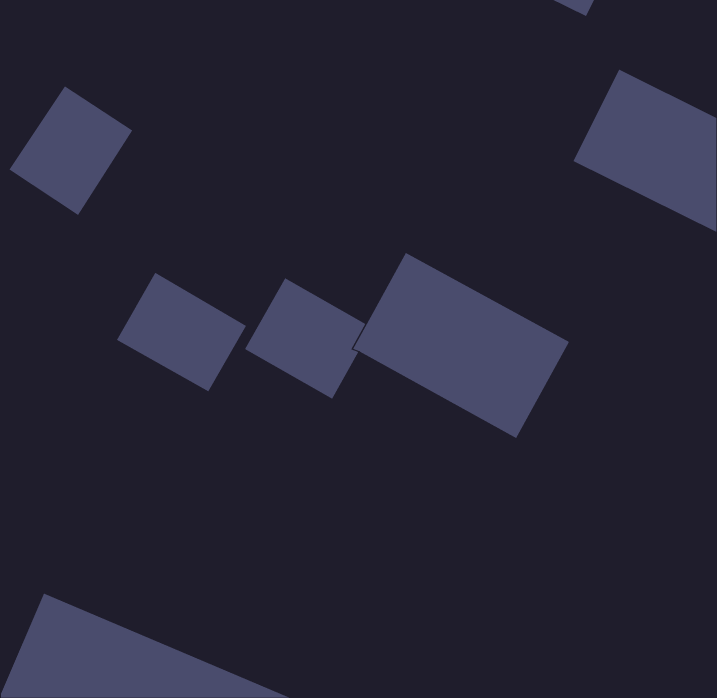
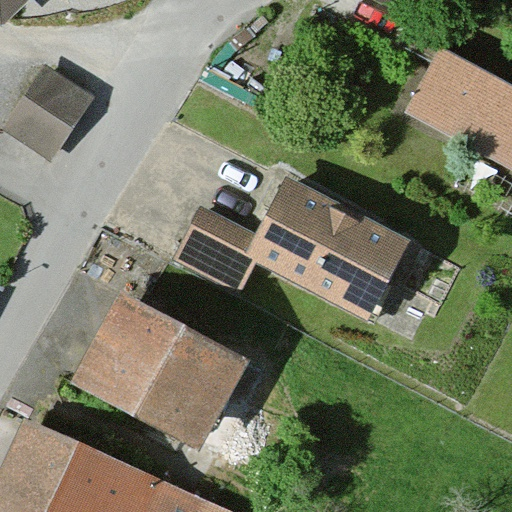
building: [116,272,247,392] -> none
building: none -> [75,300,244,457]

